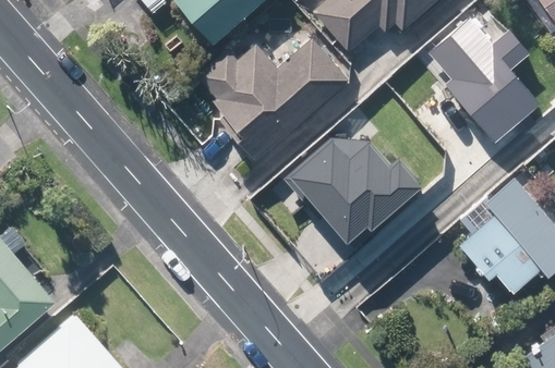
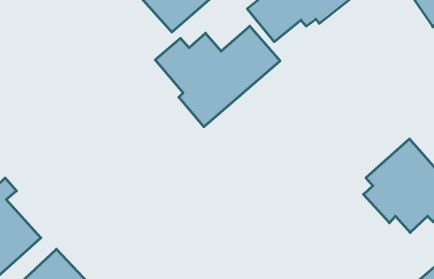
building: [425,20,539,140] -> none
building: [281,135,415,246] -> none

